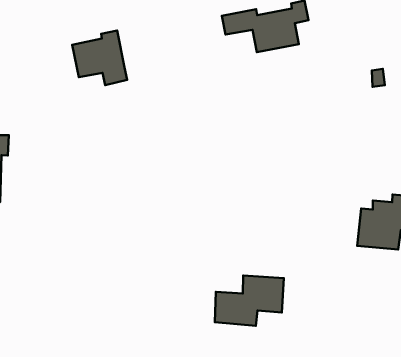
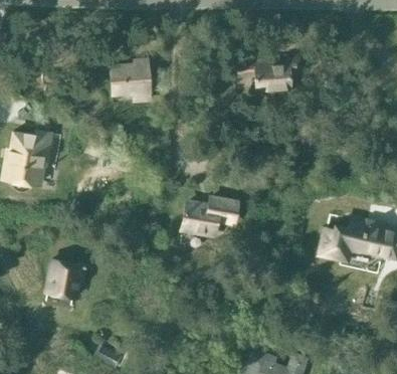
building: [215,276,284,326] -> [182,194,241,235]
building: none -> [46,260,83,298]

